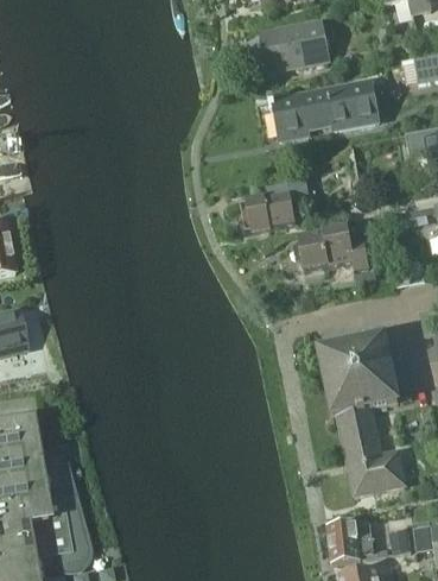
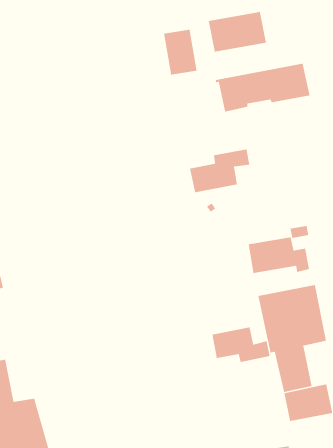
building: none -> [163,29,198,76]
building: [298,226,369,269] -> [248,236,310,274]
building: none -> [211,327,270,363]

